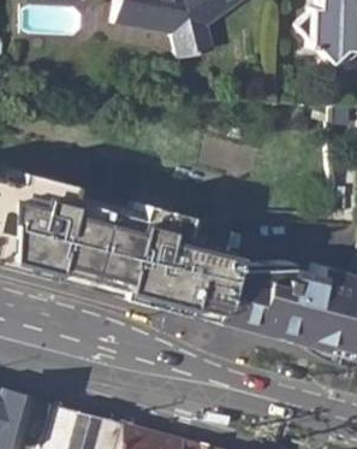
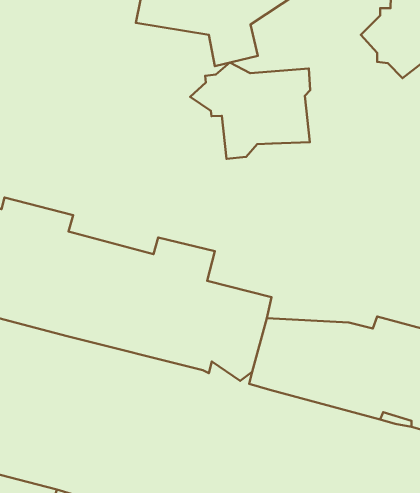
building: none -> [190,63,310,159]

